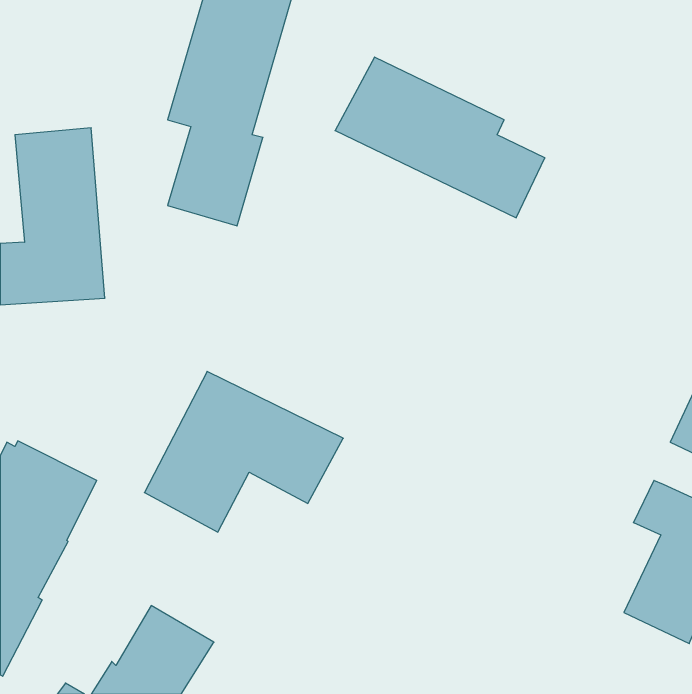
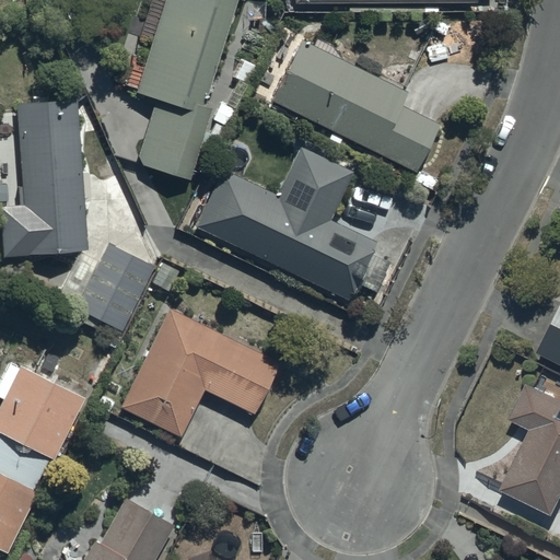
building: none -> [196,151,380,303]
building: none -> [60,235,153,328]

